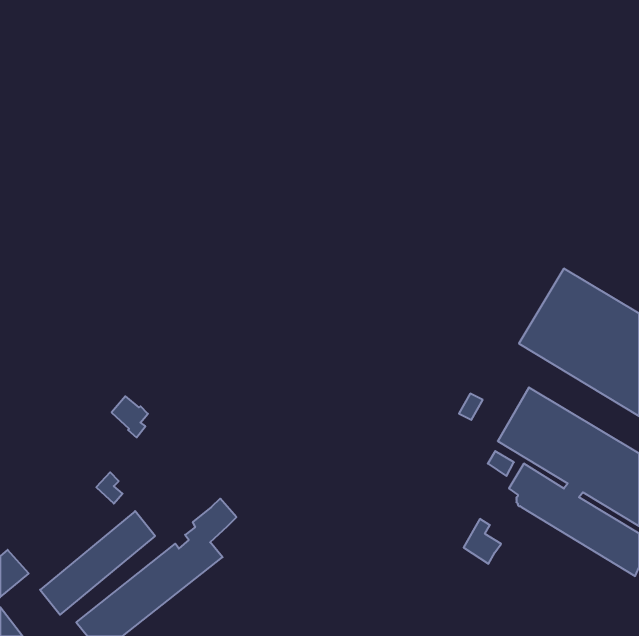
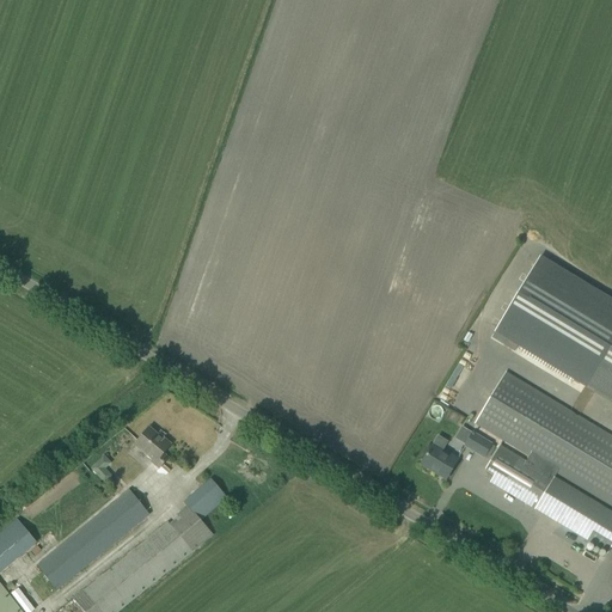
building: [112,396,148,437] -> [135,427,170,466]
building: [464,519,501,564] -> [422,434,458,477]

